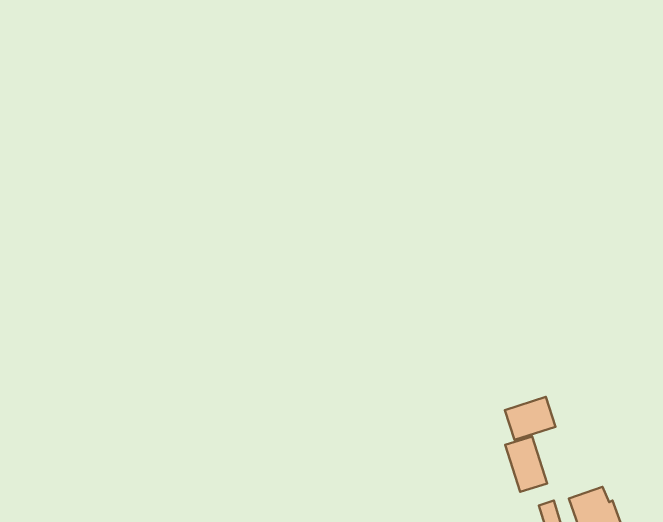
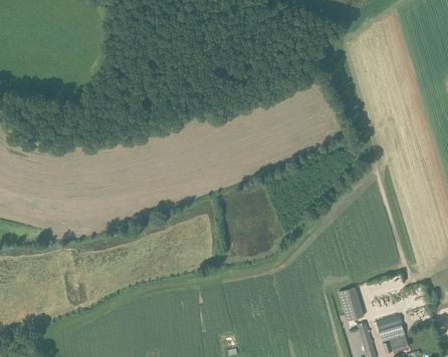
building: [505,397,556,440] -> none

